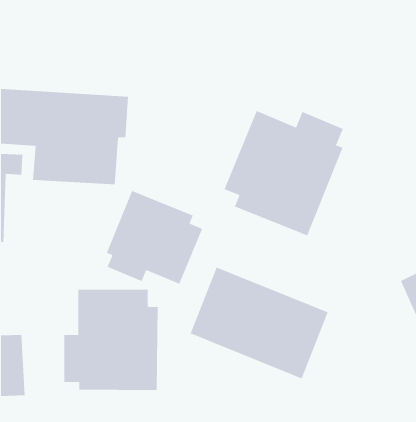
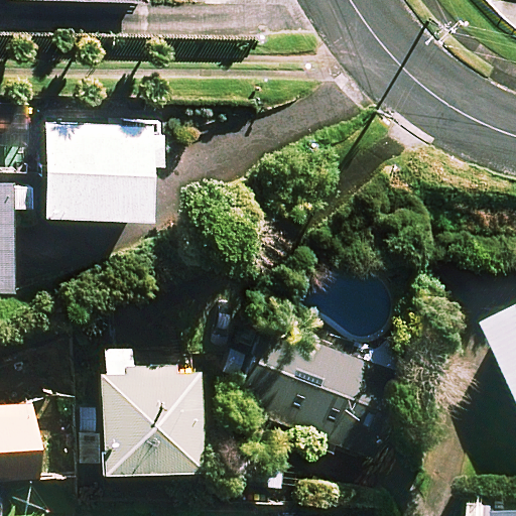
building: [224,110,344,236] -> none
building: [106,190,203,285] -> none

